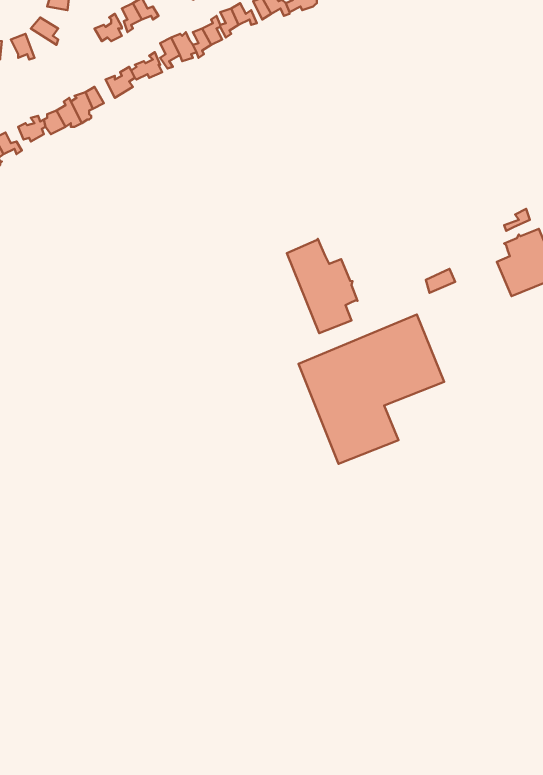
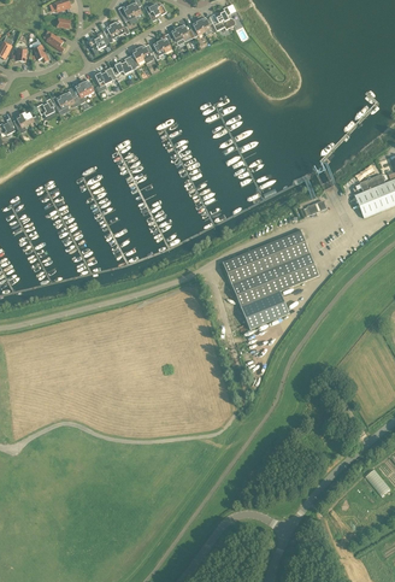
building: [287,239,358,333] -> none

